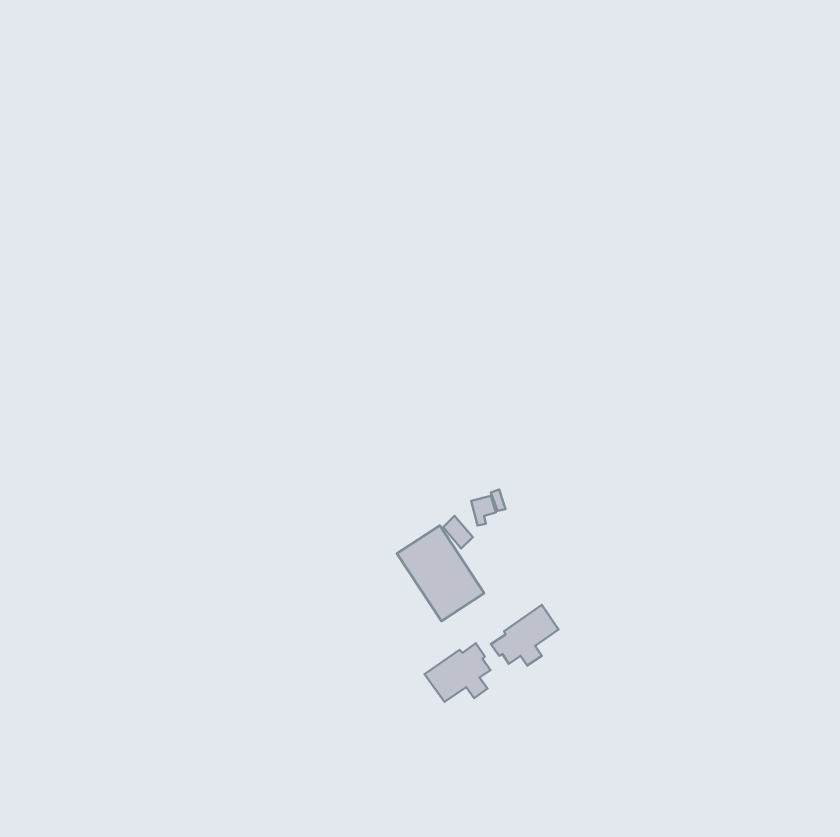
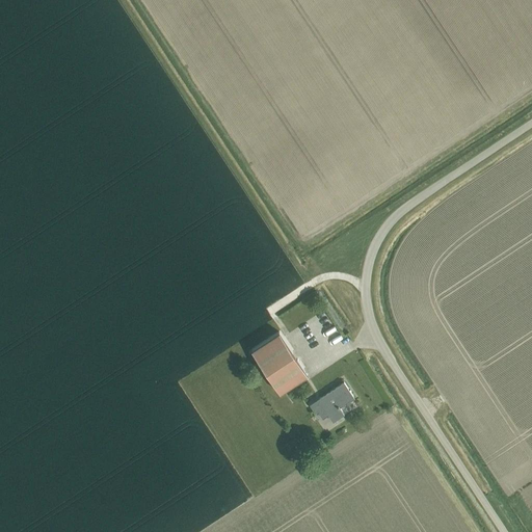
building: [425,643,490,702] -> none

